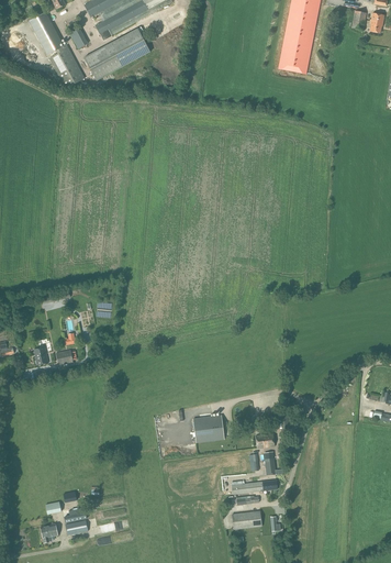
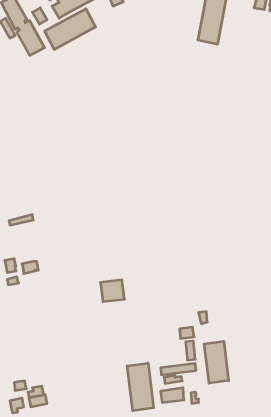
building: [193,413,224,441] -> [100,280,125,302]
building: none -> [204,341,229,383]
building: none -> [127,363,154,411]

